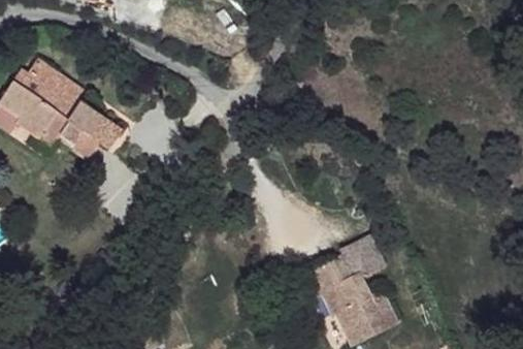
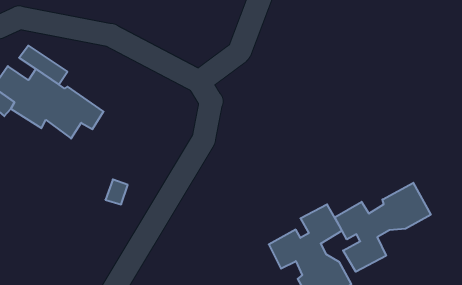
building: none -> [335,183,431,272]

